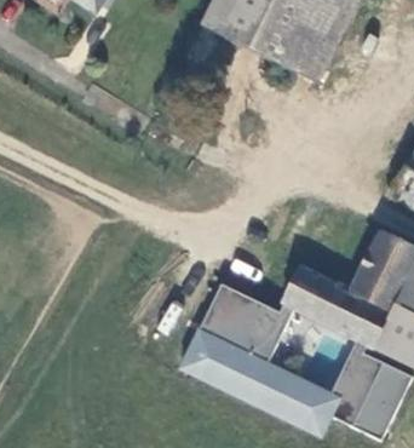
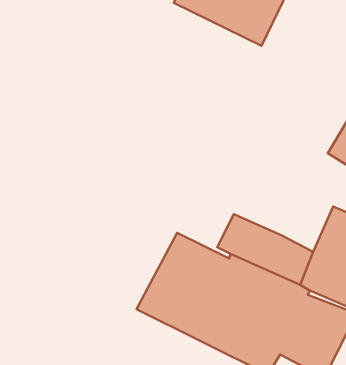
building: [337,229,397,304] -> none

